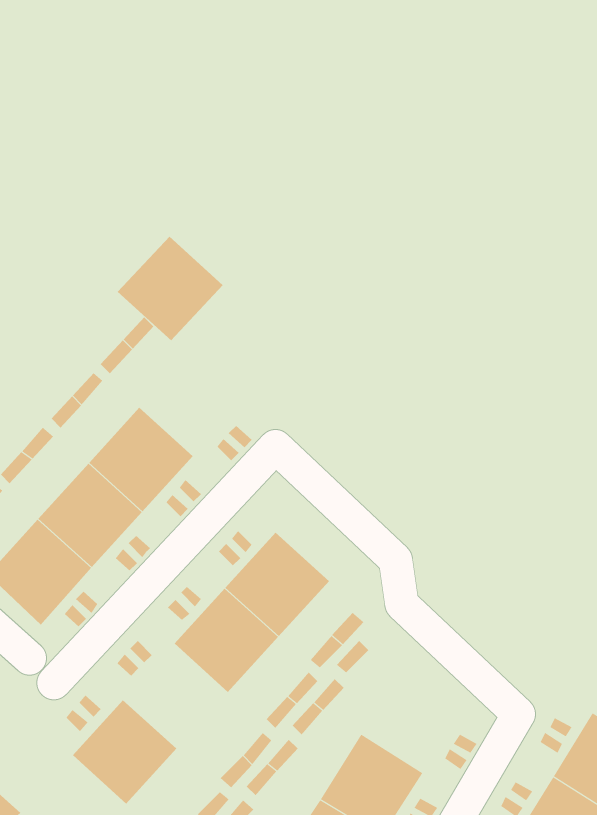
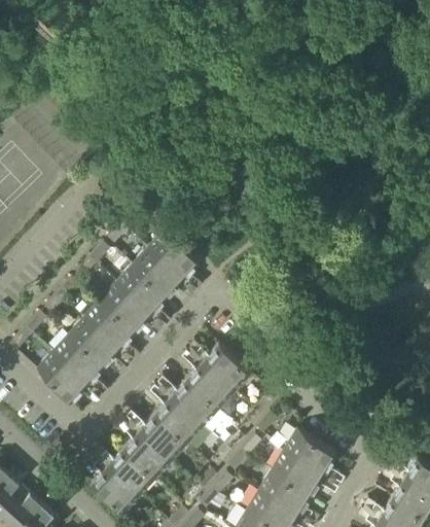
building: [117,236,224,341] -> [131,231,198,296]
building: none -> [120,414,186,480]
building: none -> [270,429,334,495]

